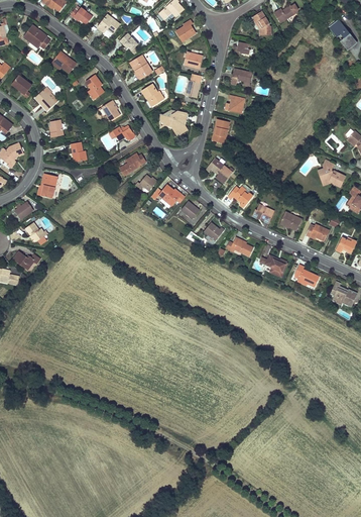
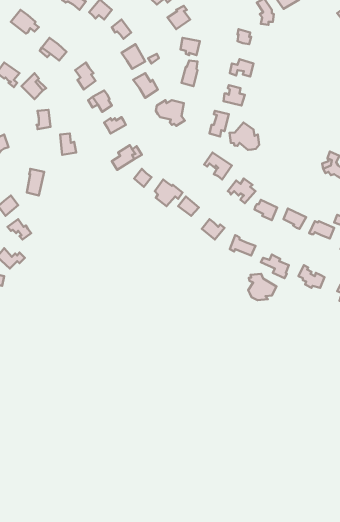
building: none -> [229,123,259,150]
building: none -> [248,274,276,300]

